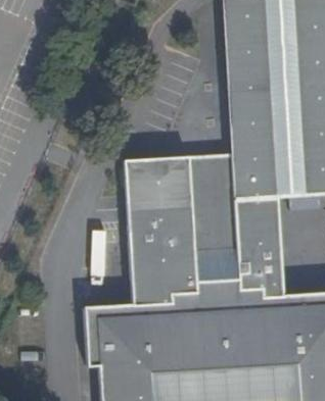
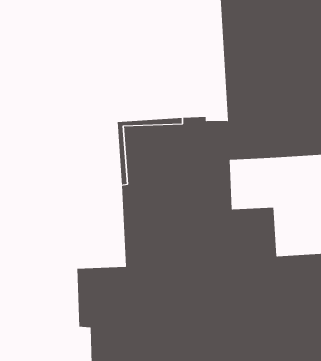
building: [235,198,278,248] -> none

